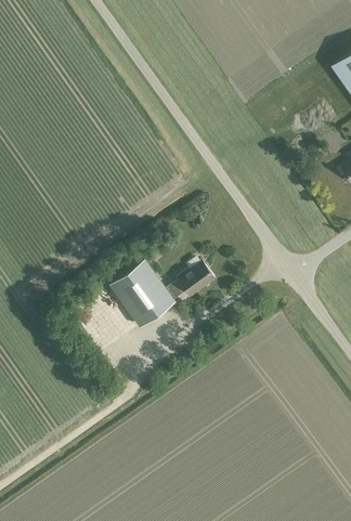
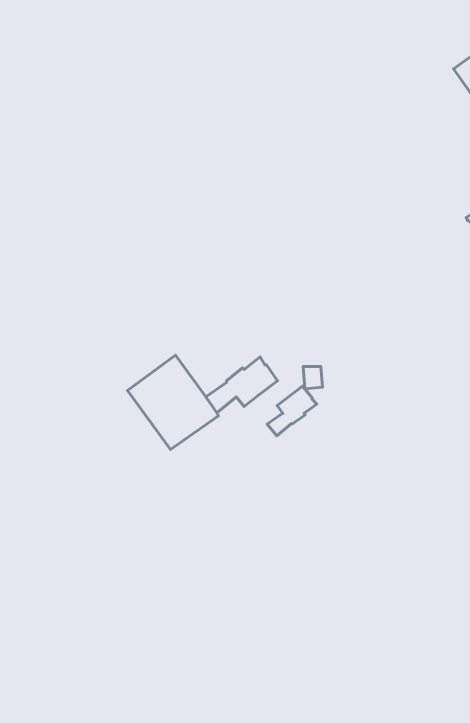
building: none -> [267,386,317,436]

